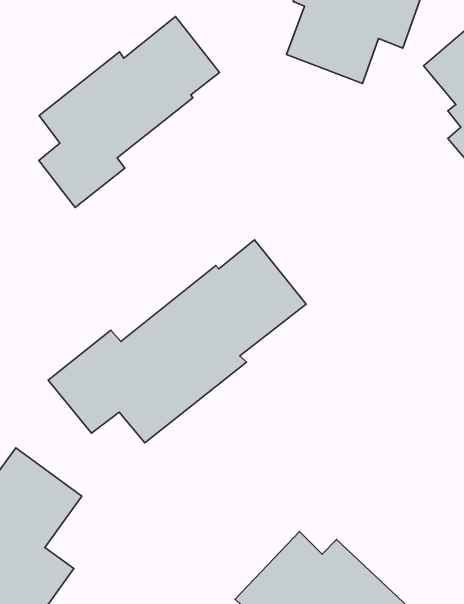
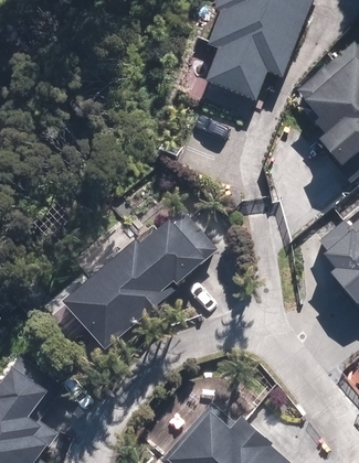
building: [39,17,220,208] -> none

